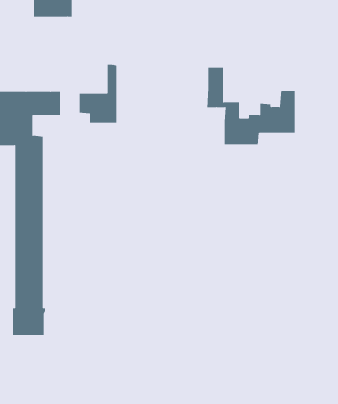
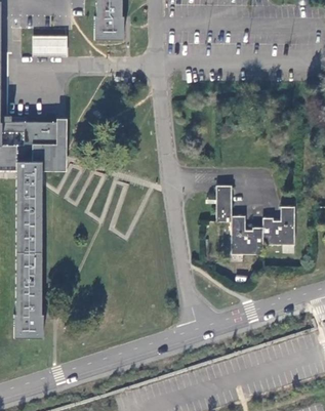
building: [79,64,117,123] -> [33,117,67,169]
building: [206,67,295,145] -> [215,184,294,253]

